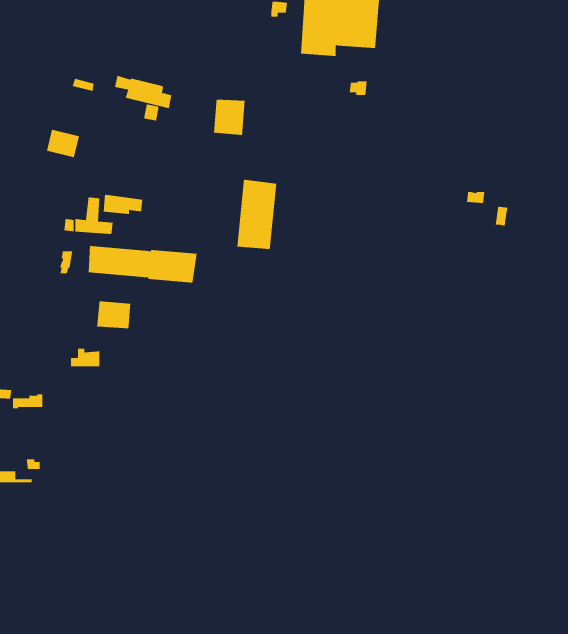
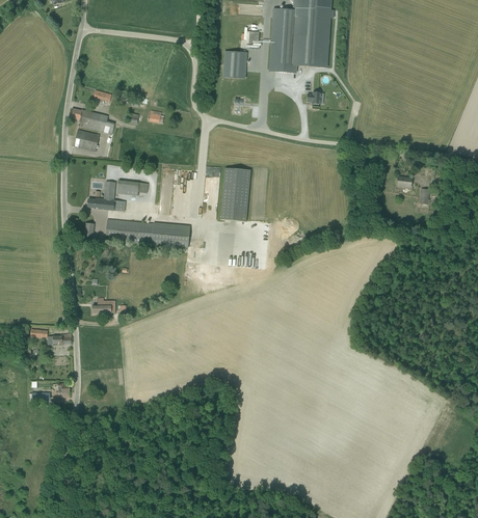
building: [114,75,172,109] -> [69,107,113,133]
building: [213,99,246,136] -> [221,50,246,78]
building: [97,300,131,329] -> none

